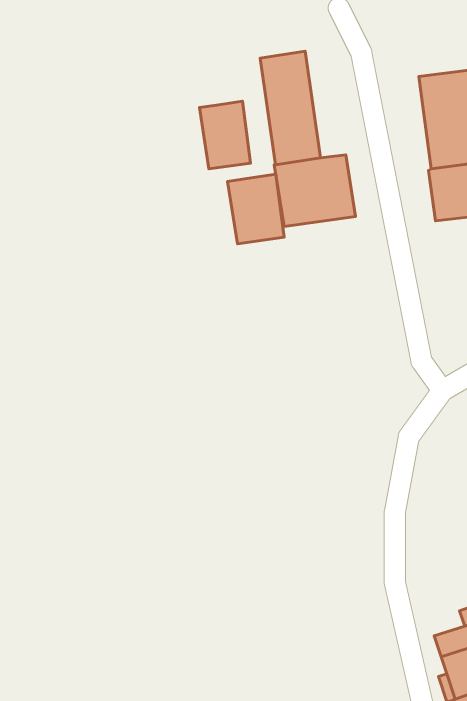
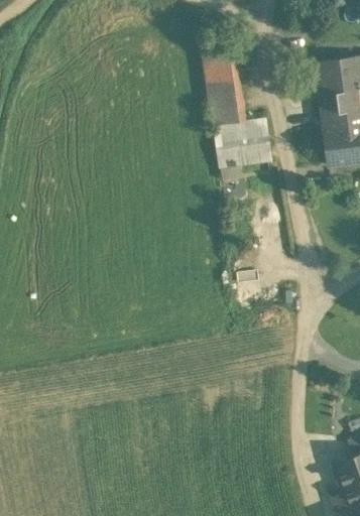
building: [199,101,251,169] -> none
building: [227,174,284,244] -> none

